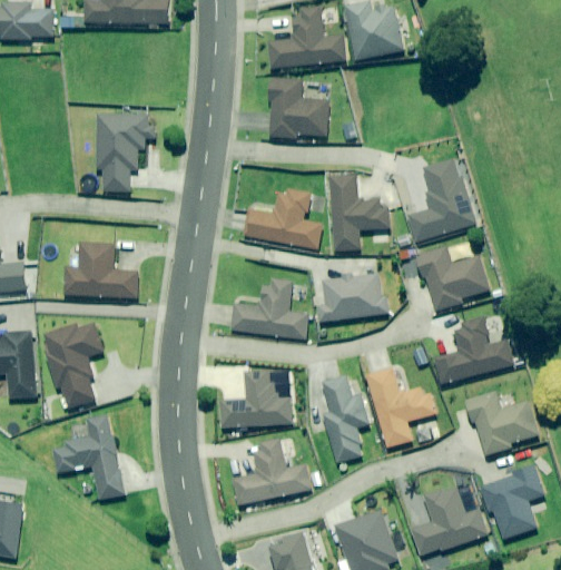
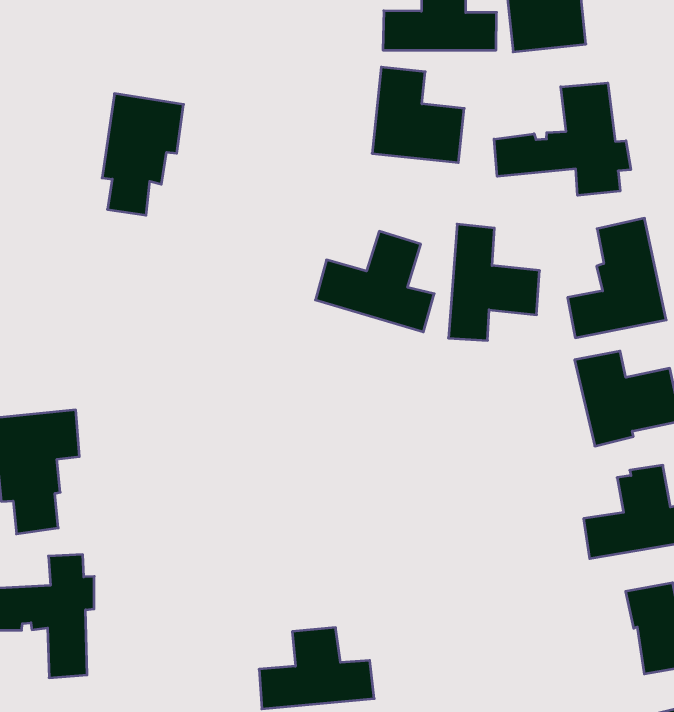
building: none -> [494,83,631,195]
building: [65,243,138,297] -> none
building: [316,274,385,322] -> none
building: [232,278,307,338] -> none
building: [367,368,436,446] -> none
building: [220,371,292,428] -> none
building: [323,376,368,462] -> none

